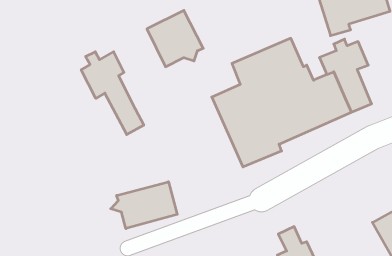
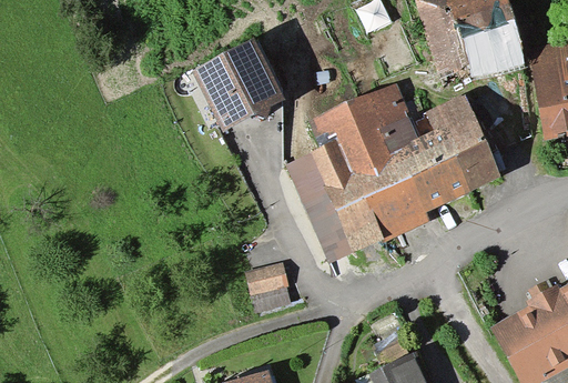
building: [81,52,144,135] -> none
building: none -> [251,269,288,310]
building: [111,182,177,229] -> none

